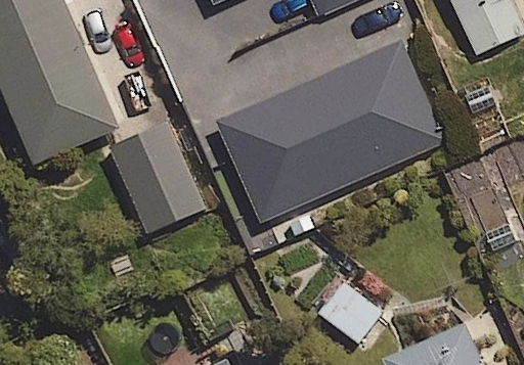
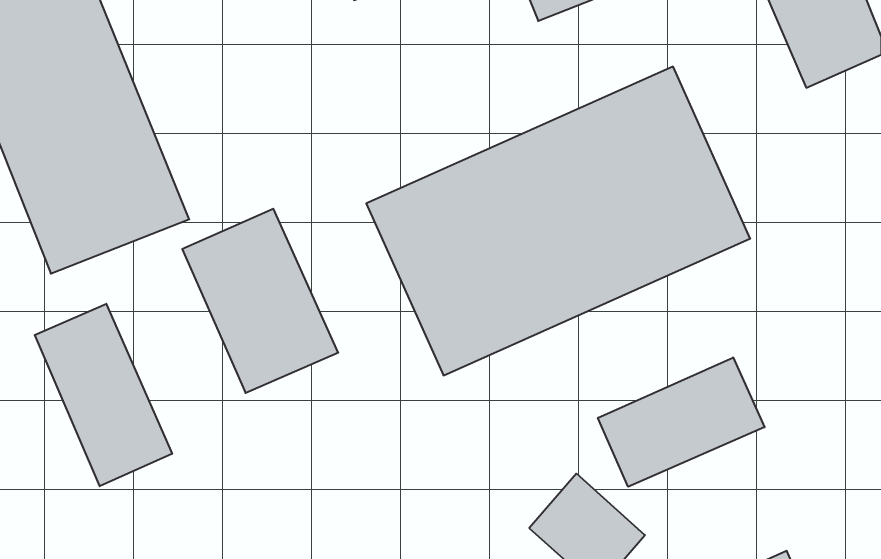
building: none -> [35,304,172,486]
building: none -> [598,357,765,487]

